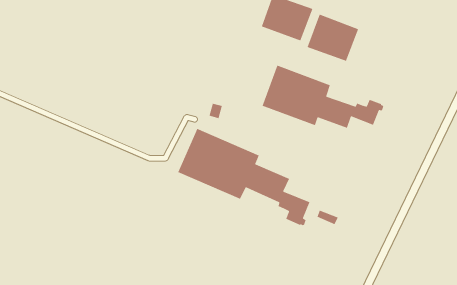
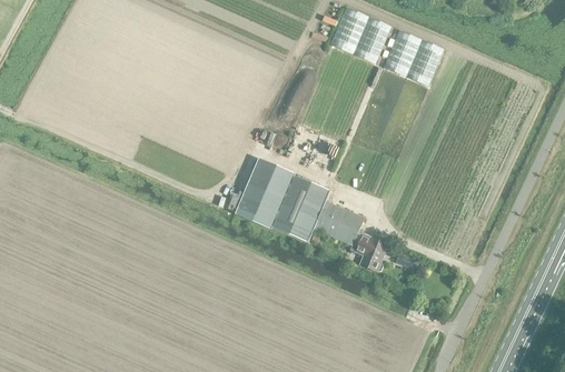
building: [261,65,384,129] -> none

